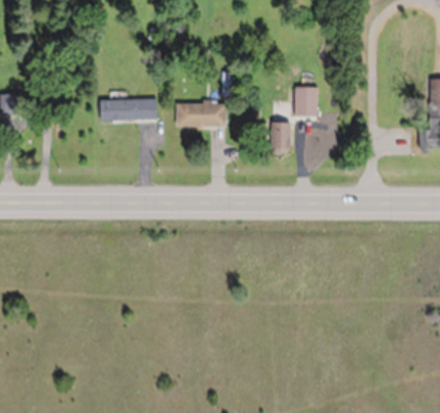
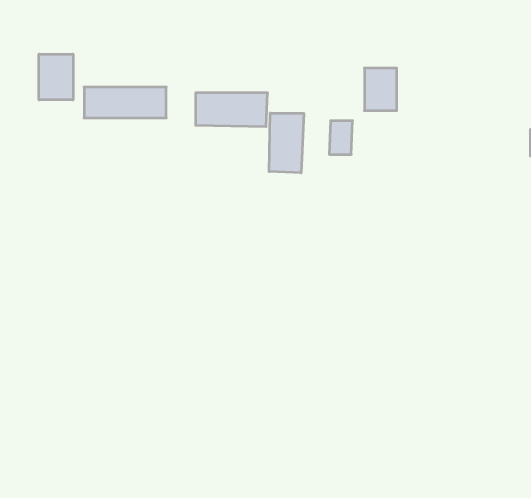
building: none -> [39,54,73,100]
building: none -> [269,113,304,173]

